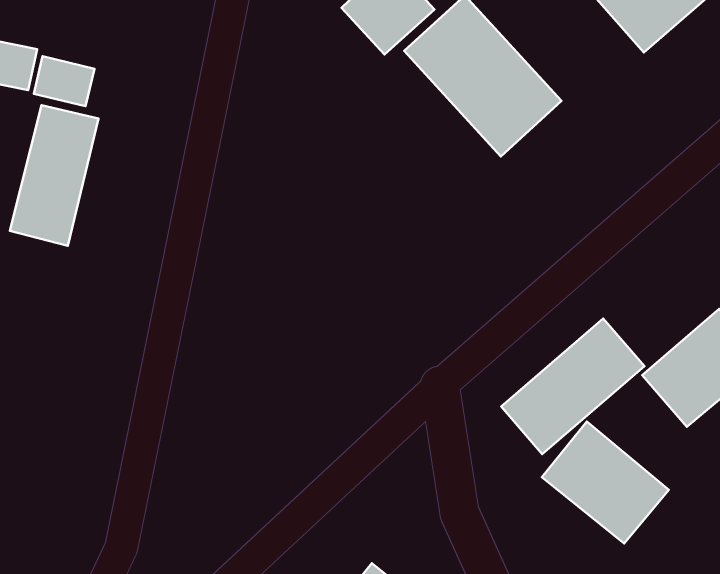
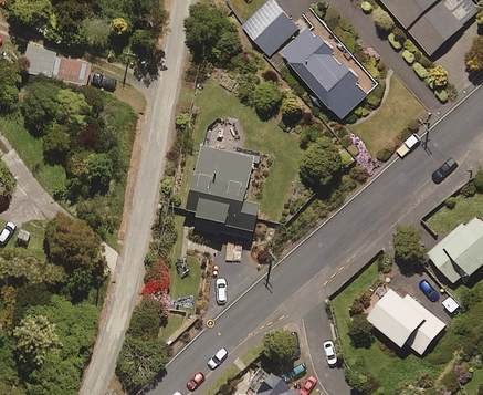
building: [10,105,99,246] -> none
building: none -> [182,147,255,232]
building: [501,319,644,454] -> none

